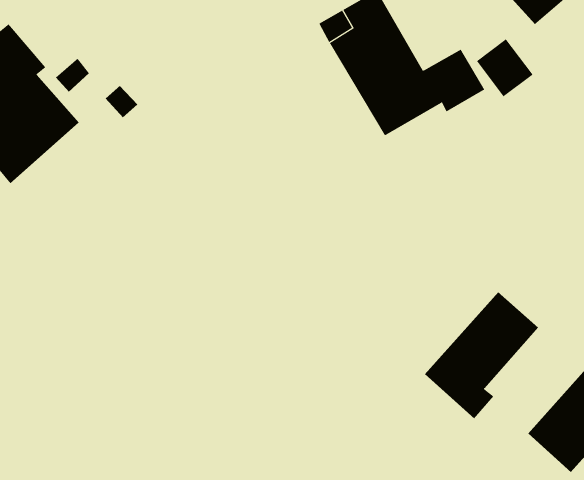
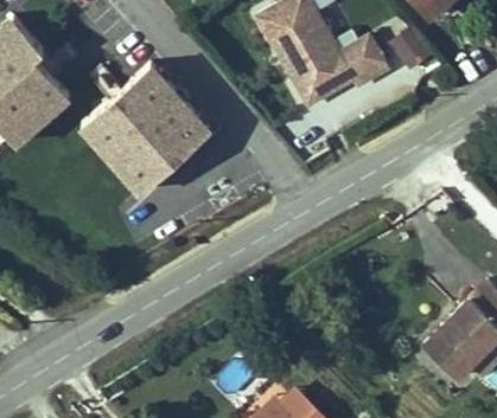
building: none -> [84,66,212,193]
building: [424,291,539,419] -> none

